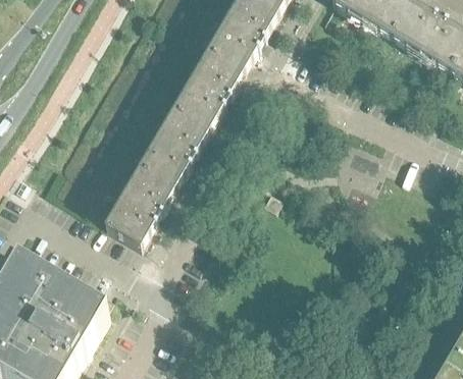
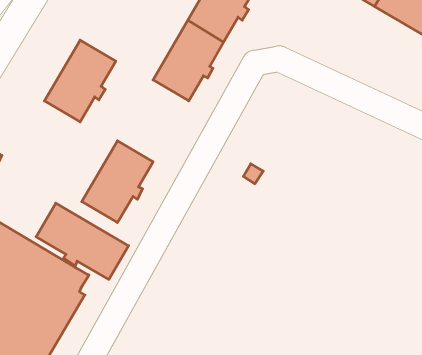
building: [139,107,208,186] -> [44,40,116,122]
building: none -> [36,203,129,279]

